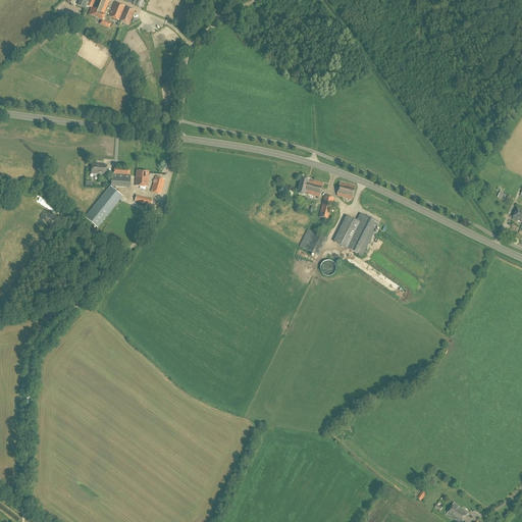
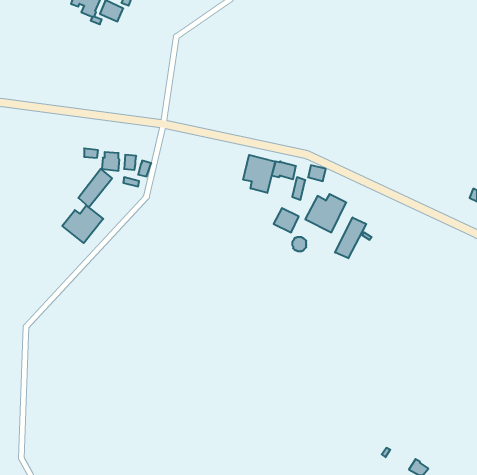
building: none -> [243,155,275,193]
building: none -> [62,206,103,243]
building: none -> [335,217,366,258]

